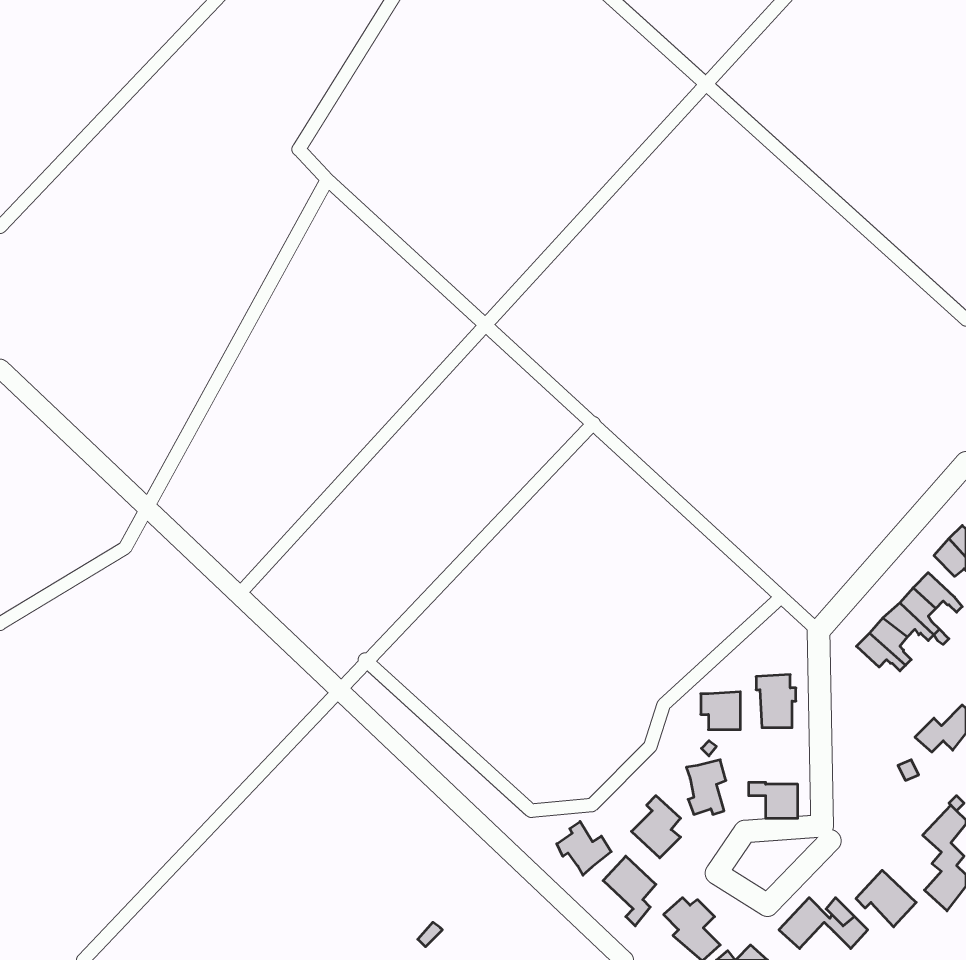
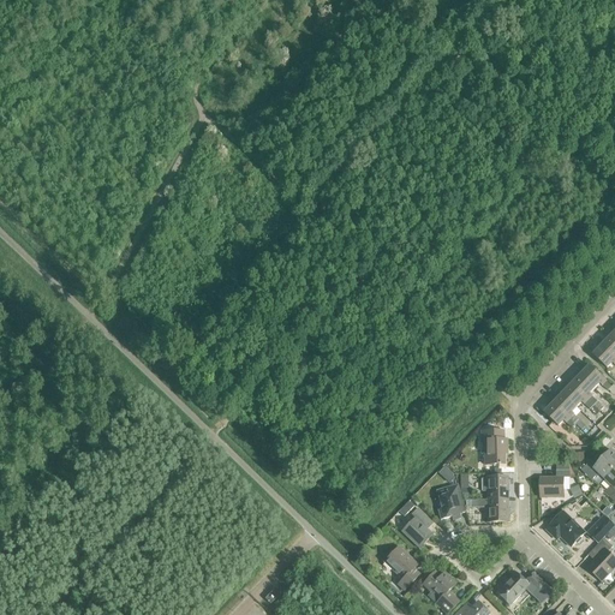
building: [701,692,740,730] -> [482,474,507,498]
building: none -> [541,462,571,495]
building: [557,821,611,875] -> none
building: [856,870,916,927] -> [547,509,585,545]

